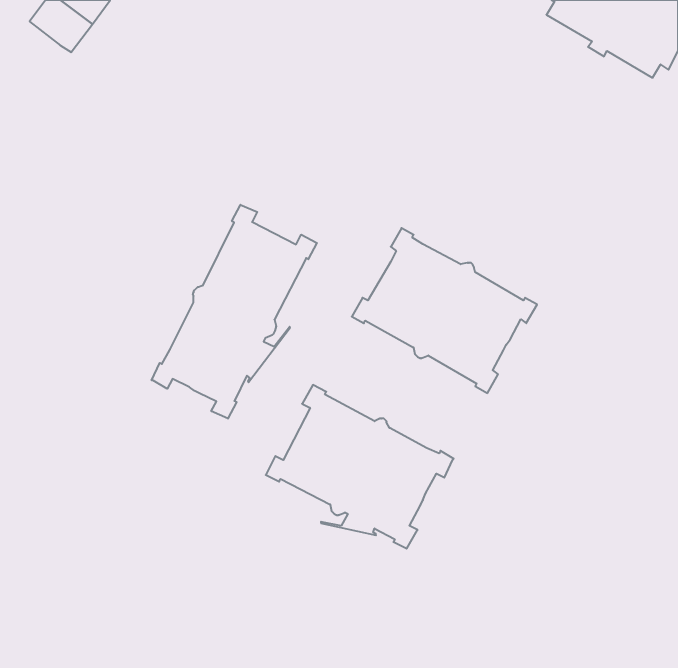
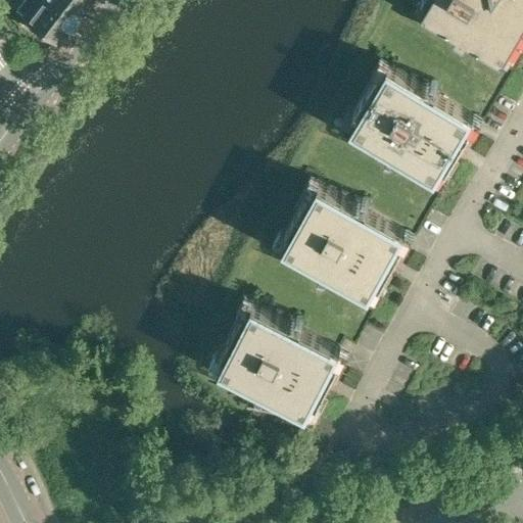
building: none -> [335,68,477,196]
building: [152,205,317,419] -> none

